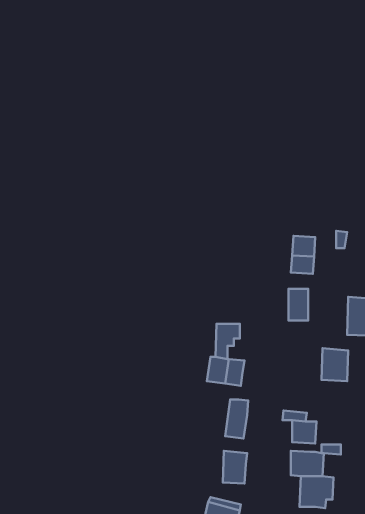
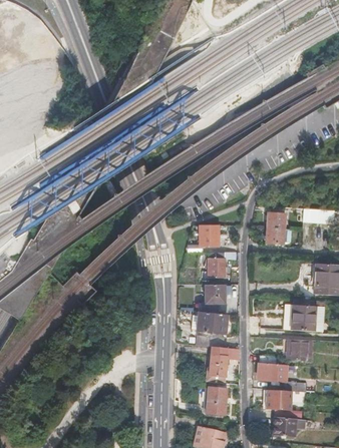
building: none -> [203,225,223,247]
building: [289,289,308,320] -> [209,253,225,279]
building: none -> [283,338,313,358]

